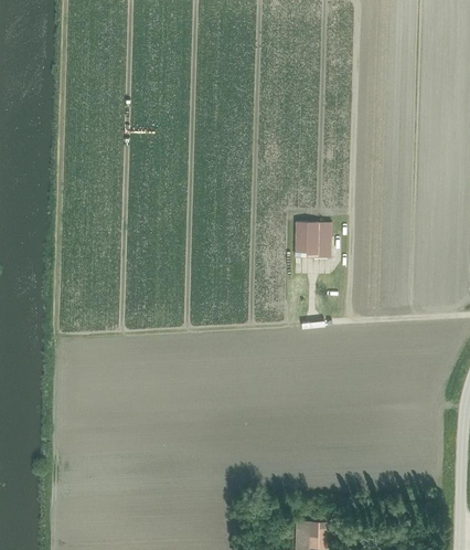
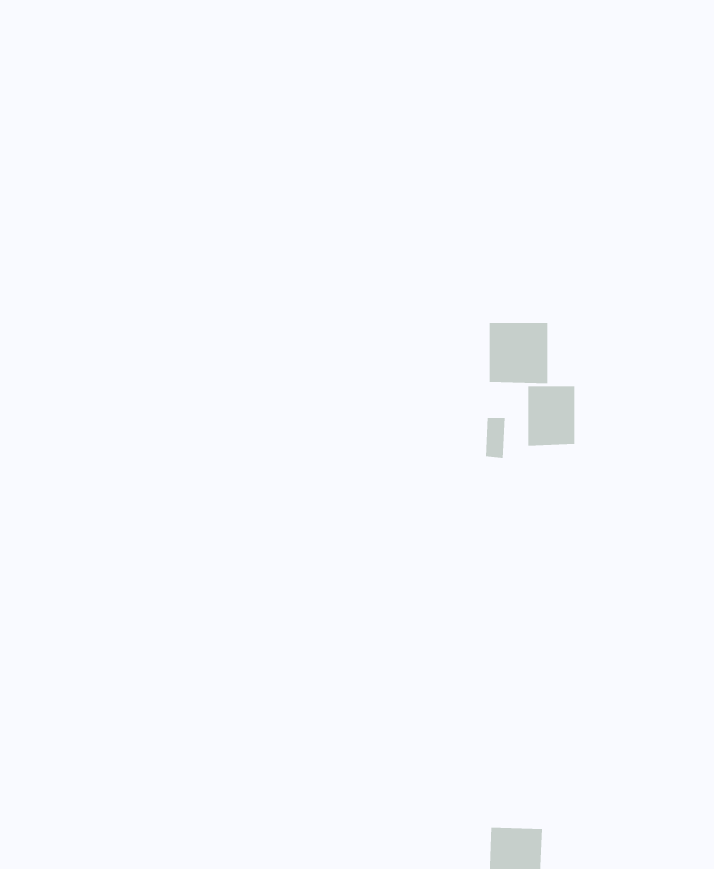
building: none -> [528,386,575,446]

